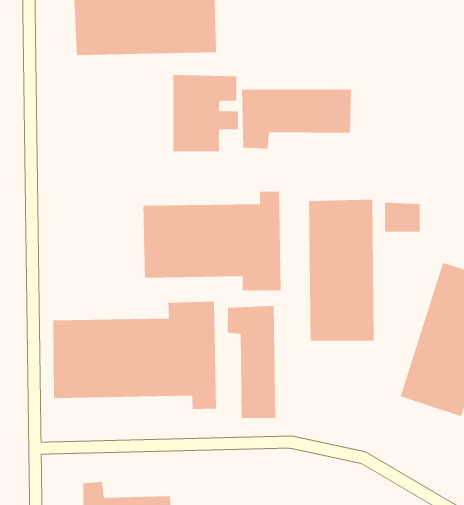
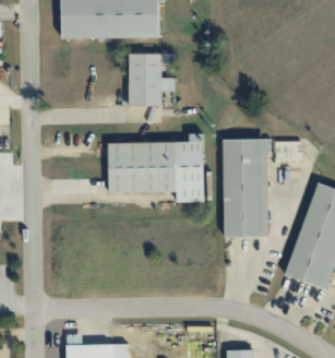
building: [242,89,351,149] -> none
building: [53,301,216,410] -> none
building: [227,305,276,419] -> none

